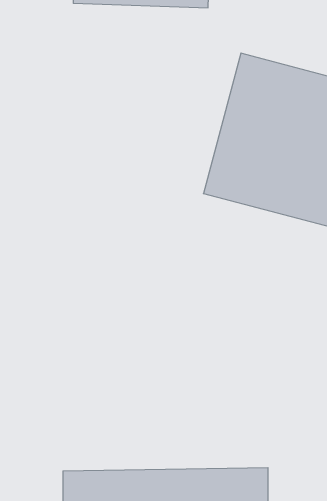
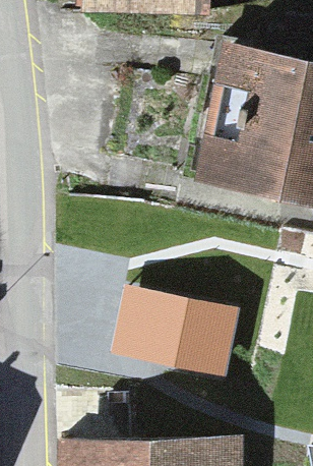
building: none -> [120,289,240,370]

